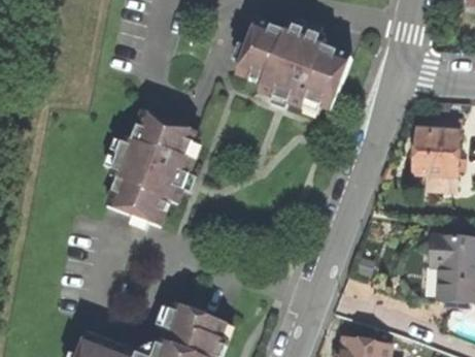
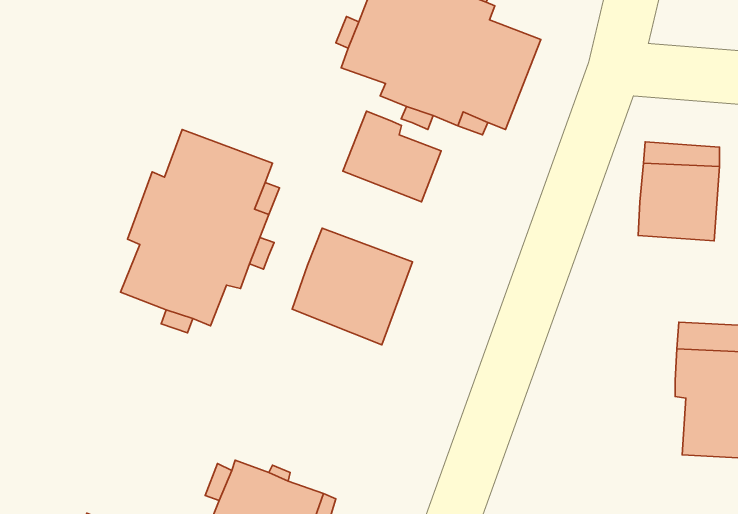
building: none -> [343,111,441,202]
building: none -> [292,228,412,345]

